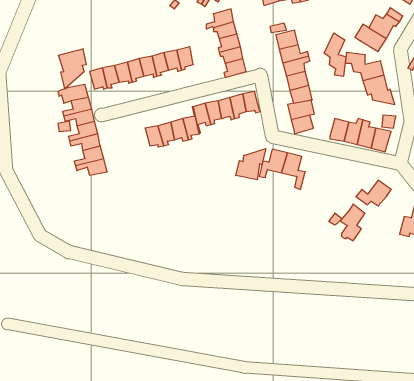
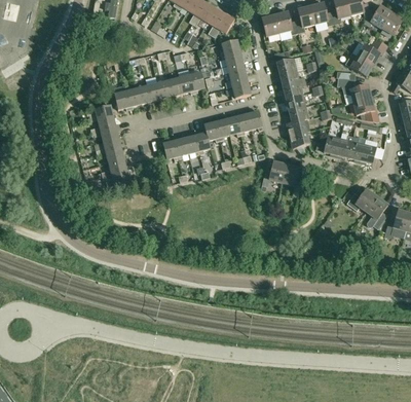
building: [324,33,346,76] -> none
building: [58,49,86,89] -> none
building: [236,149,266,180] -> none
building: [340,204,365,241] -> [367,196,388,228]

